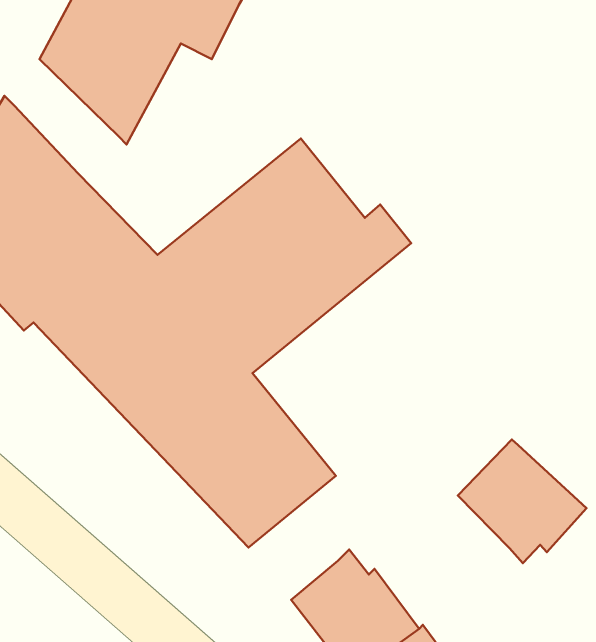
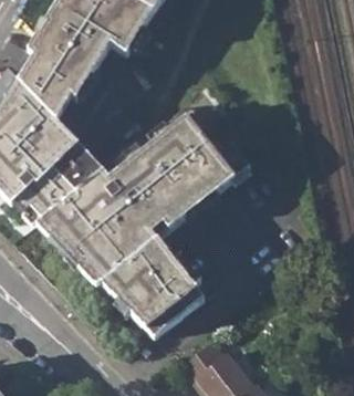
building: none -> [20,58,80,123]
building: [458,440,587,563] -> none

